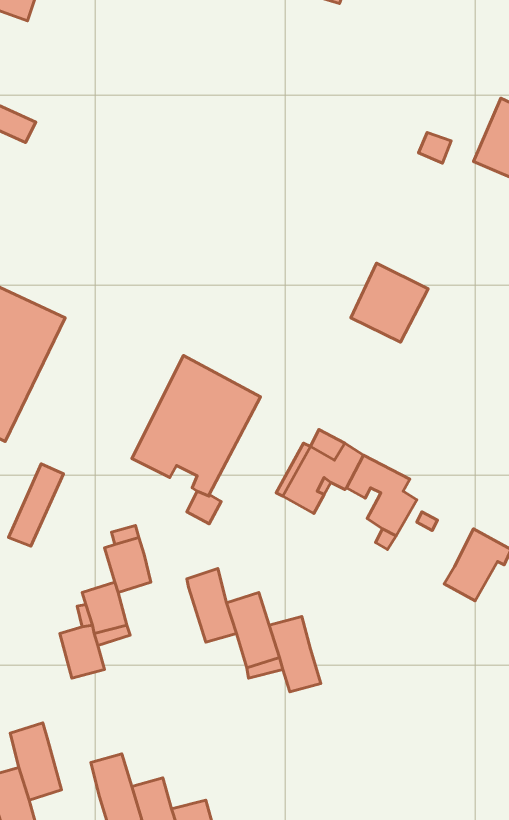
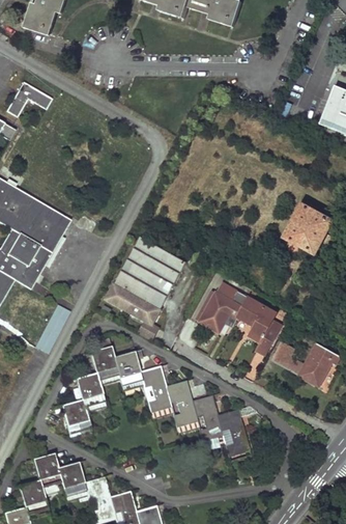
building: [351,263,428,342] -> [282,205,328,253]
building: none -> [269,341,304,376]
building: none -> [116,353,143,383]
building: none -> [217,410,249,456]
building: none -> [58,464,89,509]

